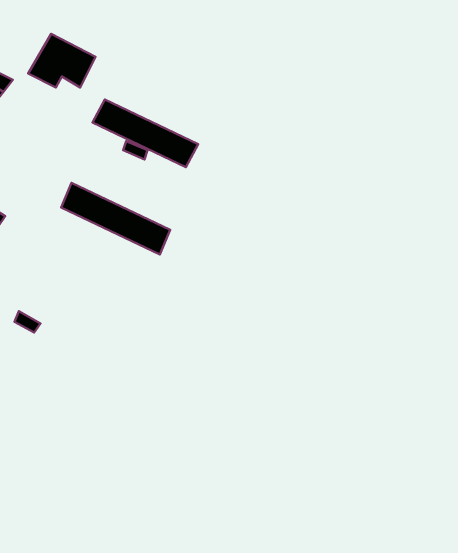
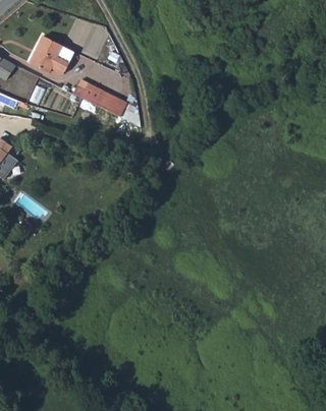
building: [61,183,170,254] -> none

